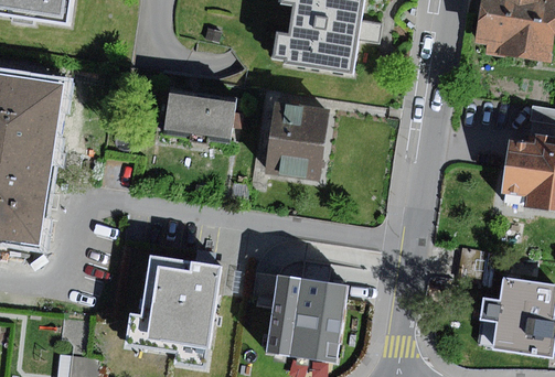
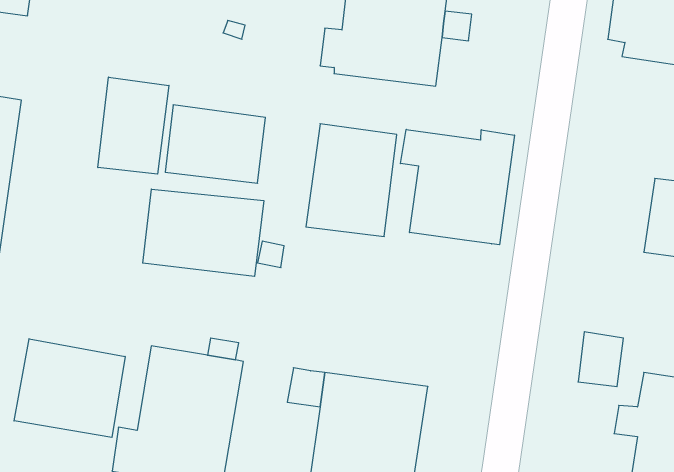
building: none -> [98,77,169,174]
building: none -> [400,129,514,245]
building: none -> [143,189,264,276]
building: none -> [14,339,125,437]

